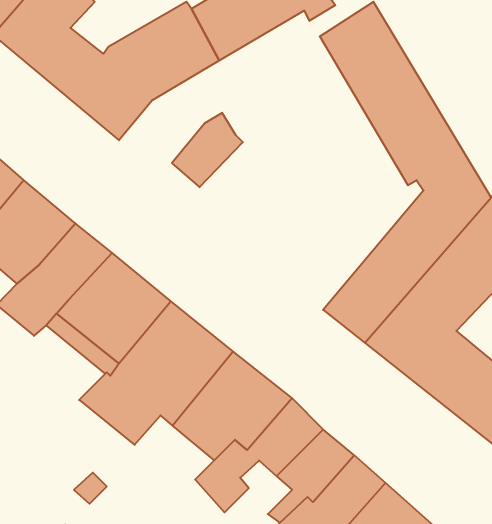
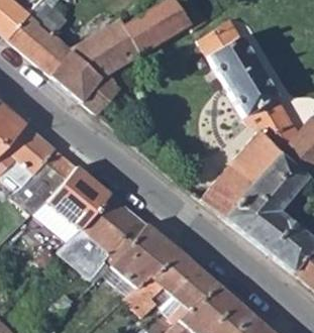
building: [172,113,243,187] -> [81,72,122,115]

